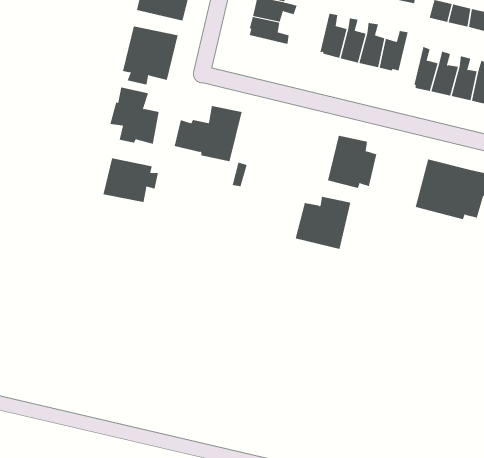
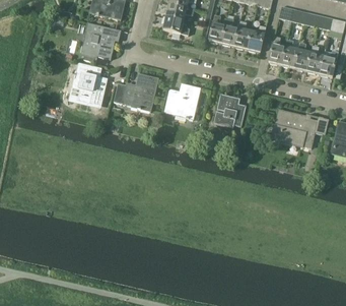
building: [103,158,158,203] -> none
building: [295,196,351,249] -> [163,84,200,119]

